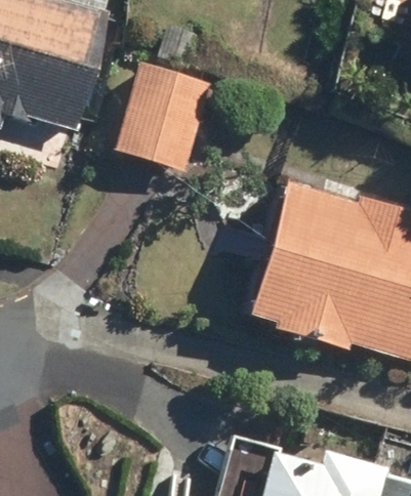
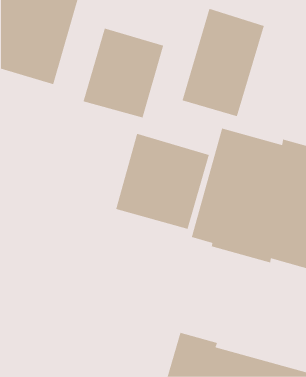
building: none -> [182,8,265,117]
building: none -> [115,133,210,230]

